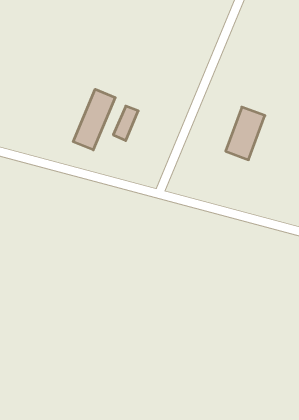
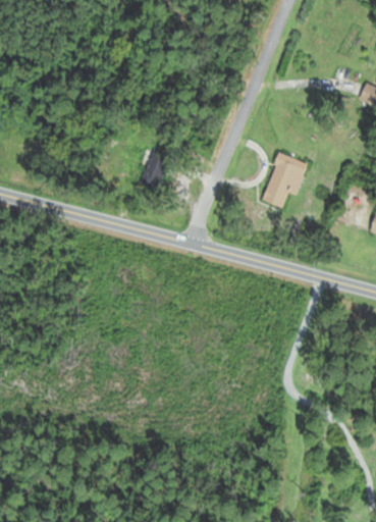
building: [73,89,115,150] -> none

